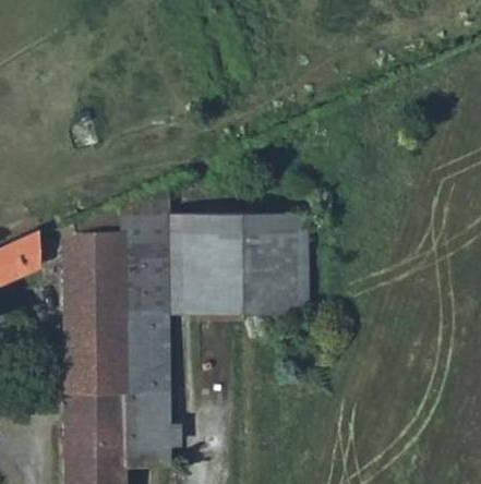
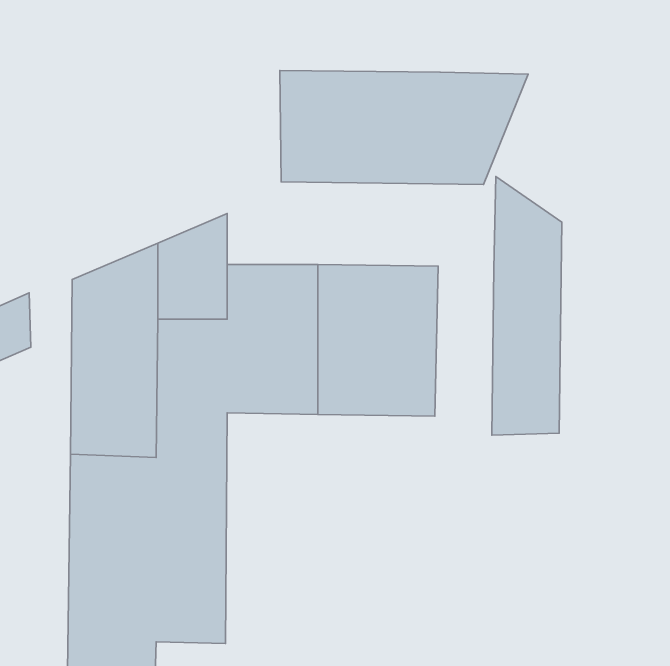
building: none -> [280,70,528,184]
building: none -> [492,177,562,435]

